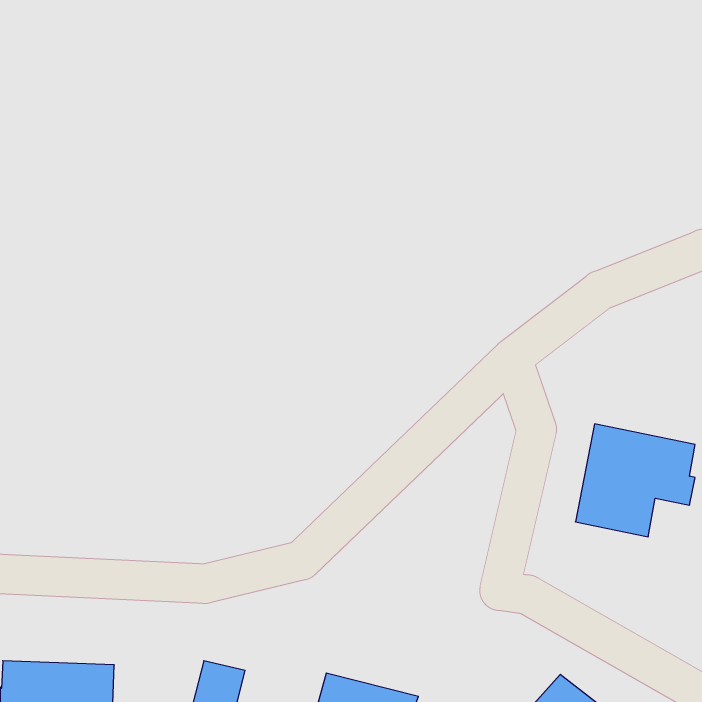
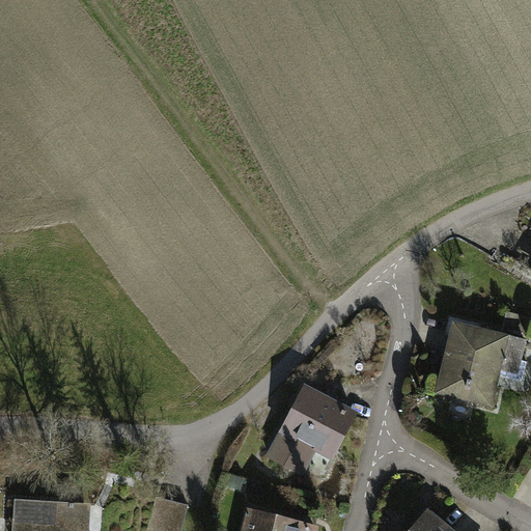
building: none -> [269,384,360,475]

